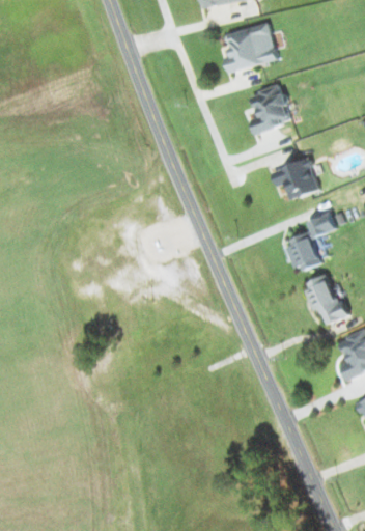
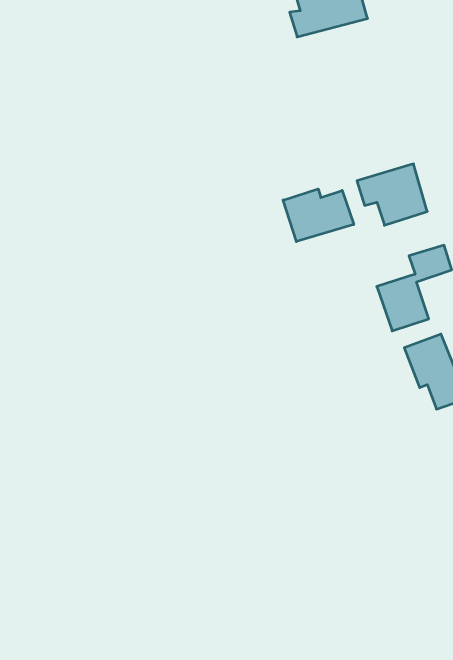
building: [251,85,292,134] -> none
building: none -> [283,189,354,242]

